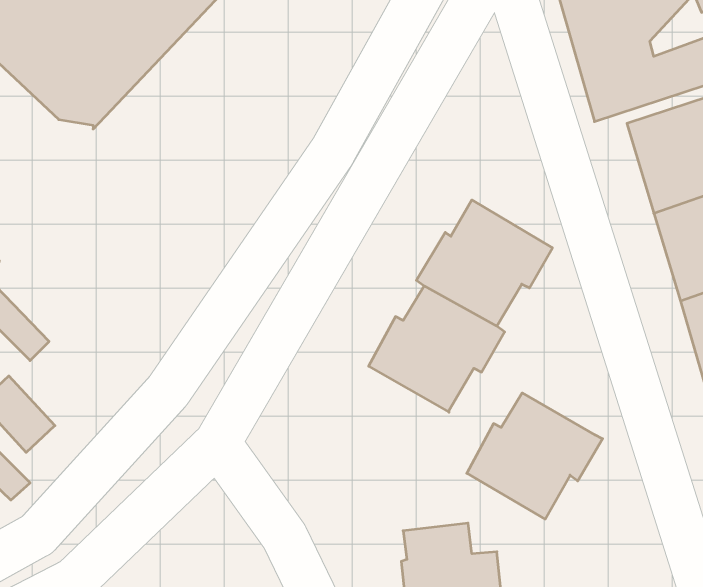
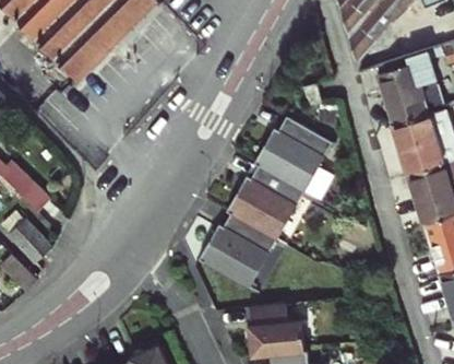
building: [467,393,603,519] -> [204,216,282,289]

